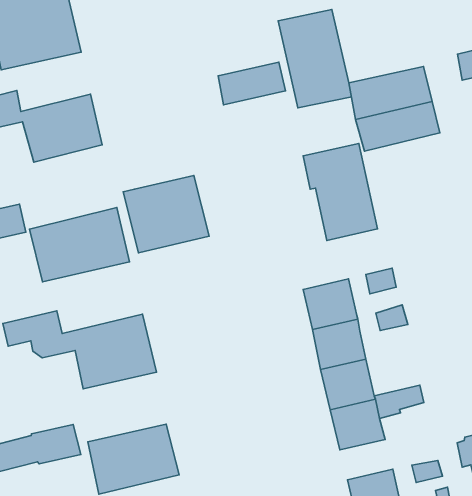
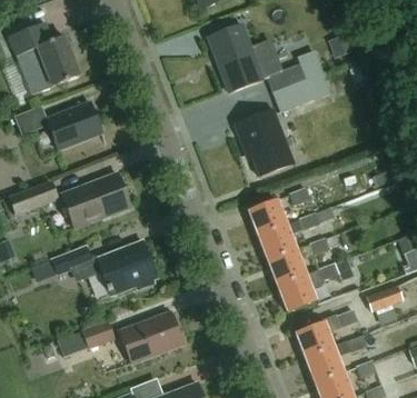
building: [218,62,285,105] -> none
building: [123,175,209,253] -> none

